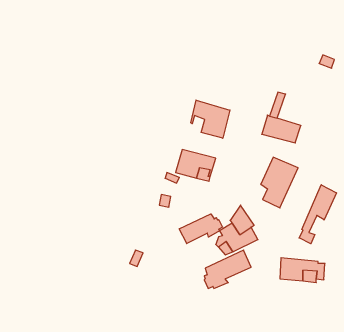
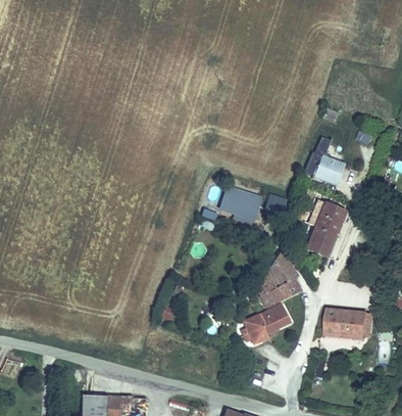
building: [191,100,230,138] -> none
building: [299,185,336,244] -> none
building: [179,214,223,244] -> none

